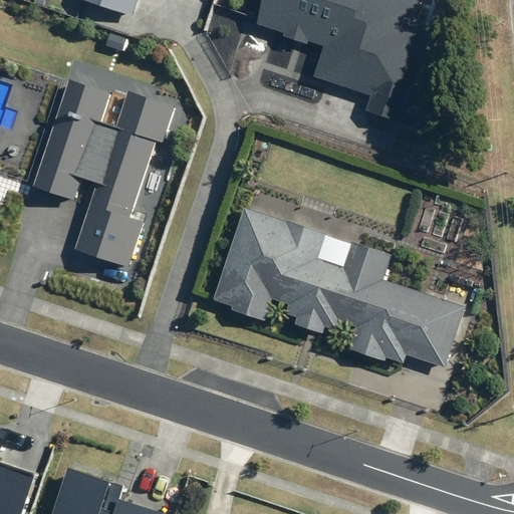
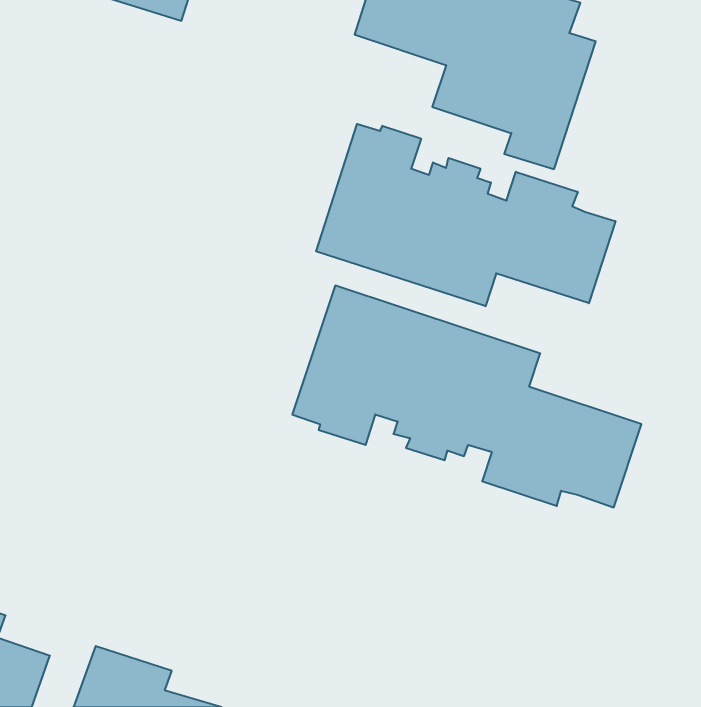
building: [33,79,174,268] -> none
building: none -> [316,124,615,306]

